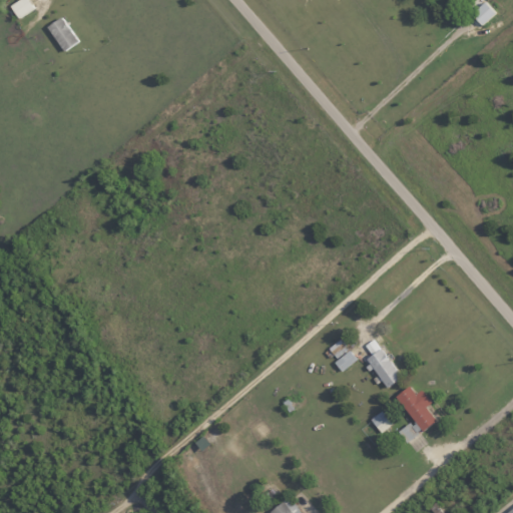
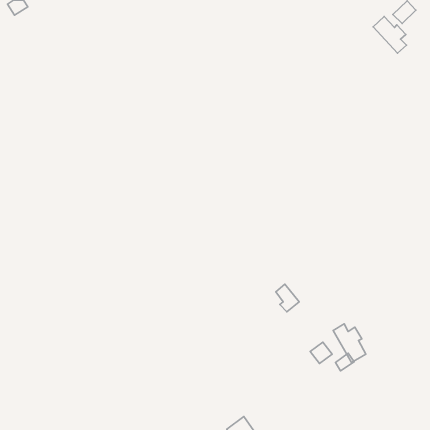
building: [47,17,78,52] -> none
building: none -> [373,17,406,53]
building: [364,340,401,388] -> none

